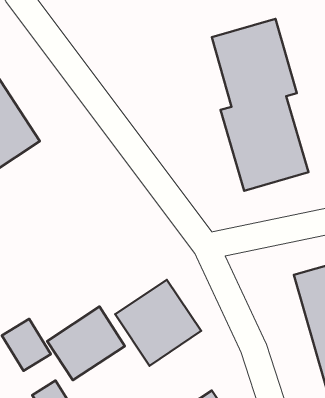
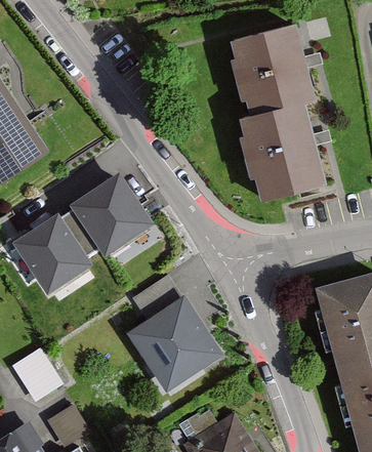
building: none -> [70,174,142,244]
building: none -> [12,216,80,286]
building: [47,306,125,380] -> none

